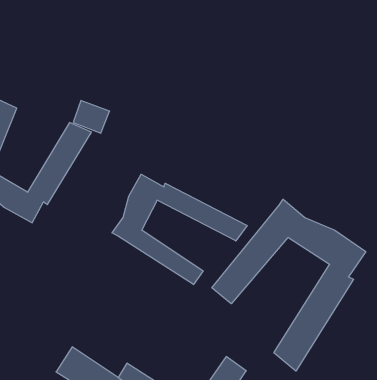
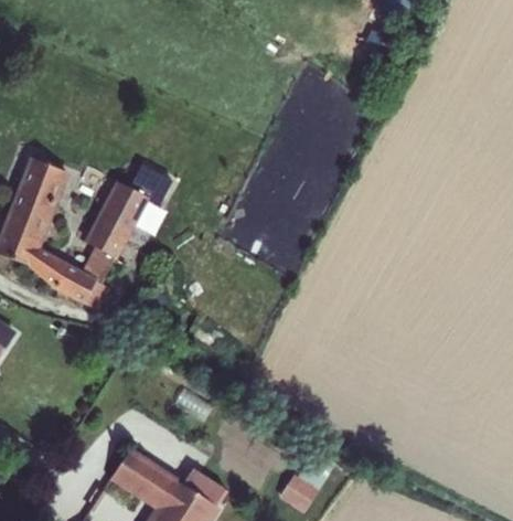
building: [112,174,247,285] -> none
building: [212,199,366,371] -> none

